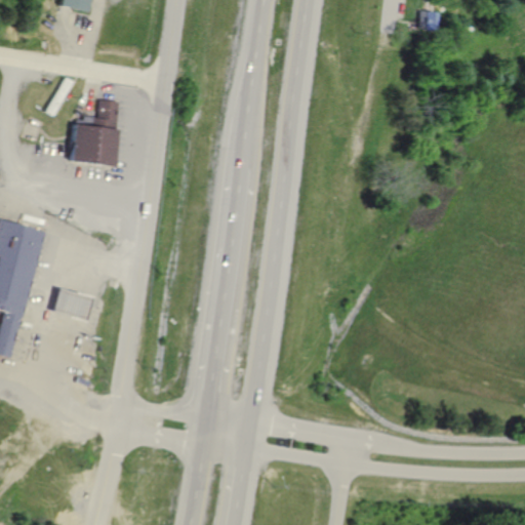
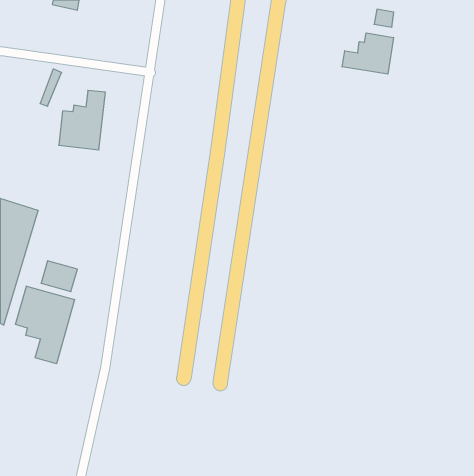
building: none -> [342,33,393,74]
building: none -> [15,286,75,364]

